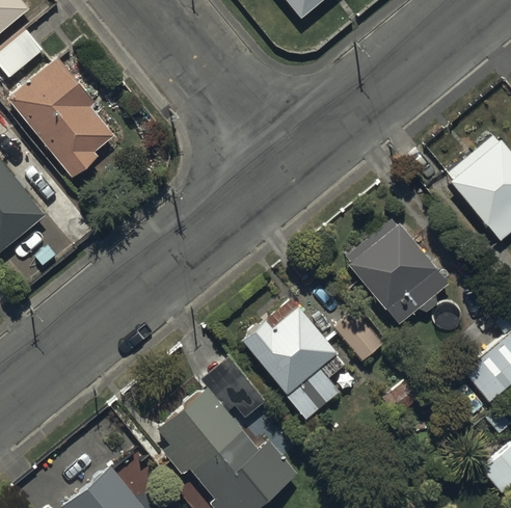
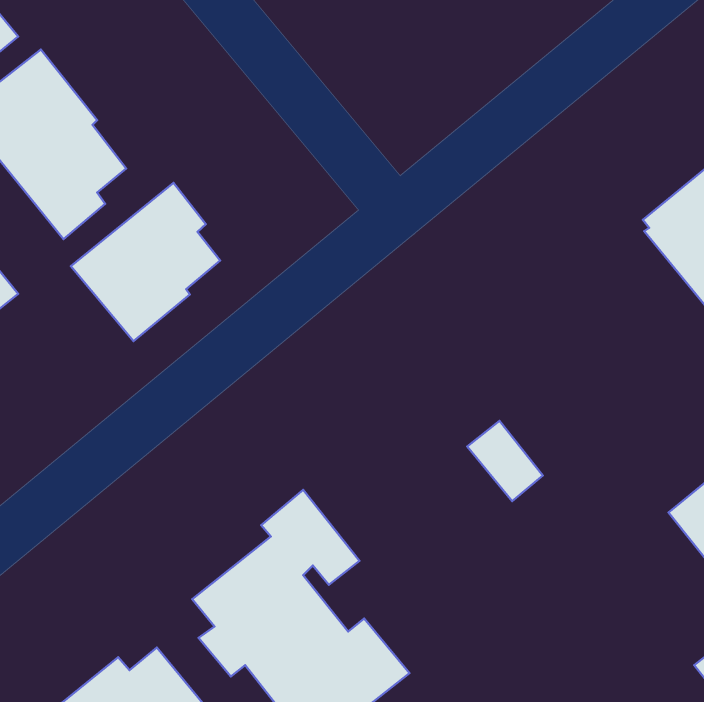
building: none -> [71,183,220,341]
building: [344,215,447,319] -> none
building: [240,293,346,417] -> none

